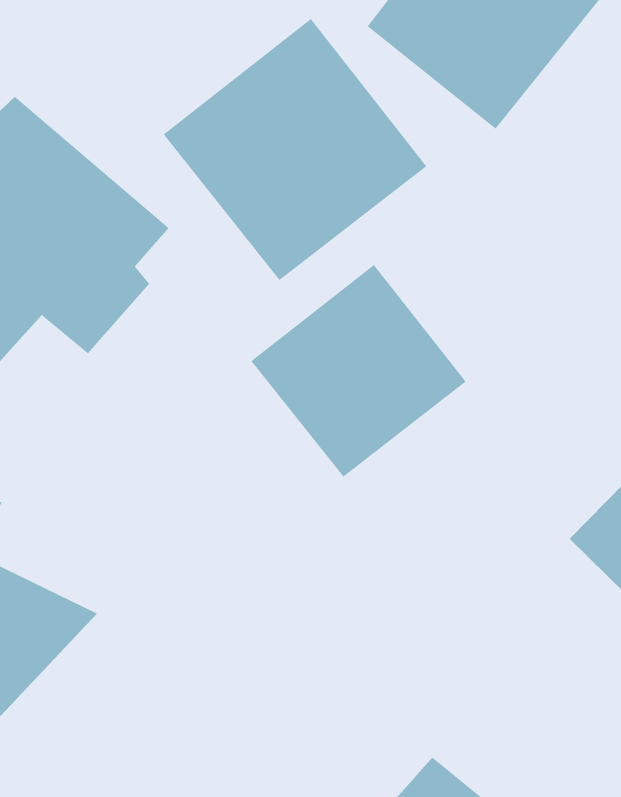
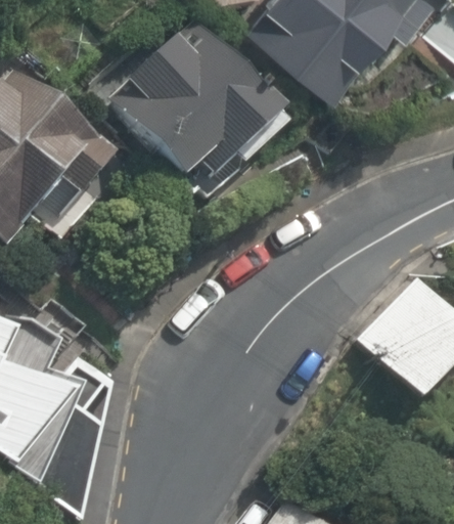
building: [251,264,466,478] -> none

